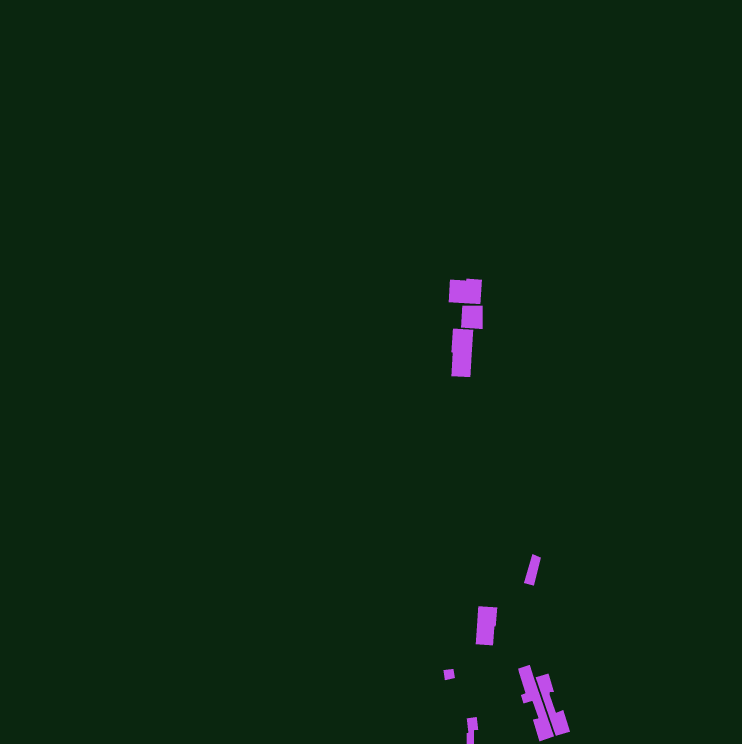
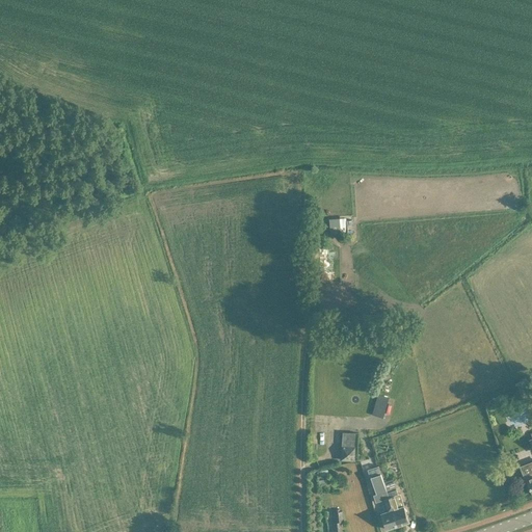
building: [448,278,483,305] -> none
building: [450,328,474,378] -> none

